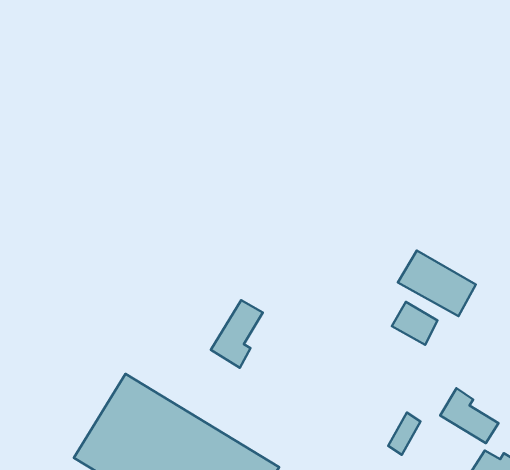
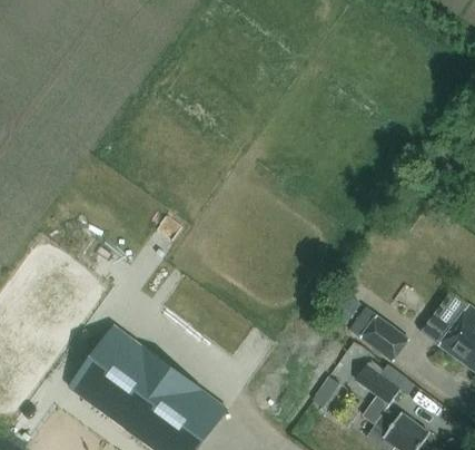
building: [398,251,476,316] -> [348,306,408,360]
building: [211,300,263,368] -> none

